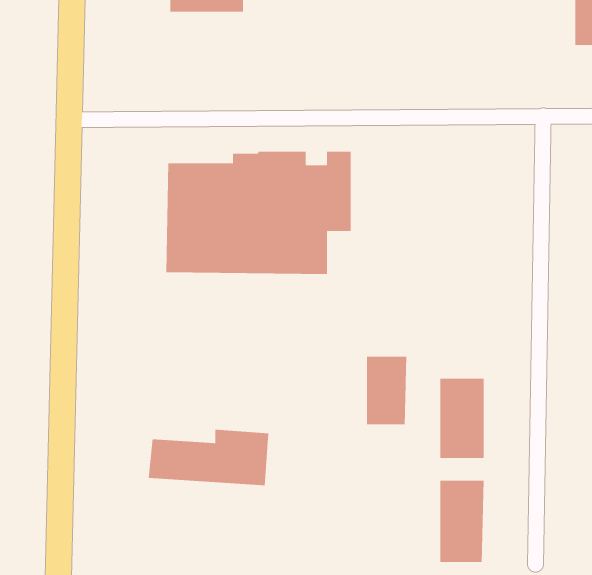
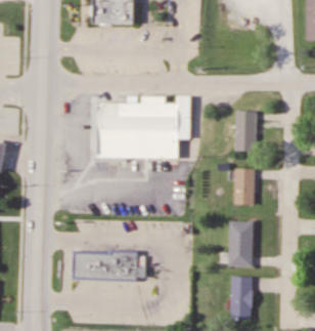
building: none -> [238,105,261,143]
building: [366,356,407,425] -> [237,162,259,198]

